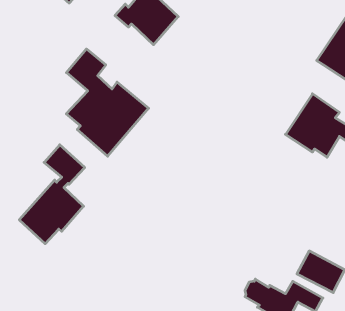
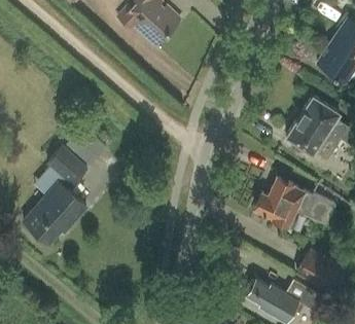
building: [66,49,149,156] -> none
building: none -> [254,177,335,227]

